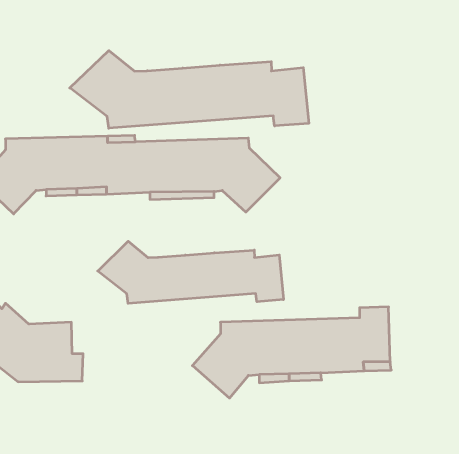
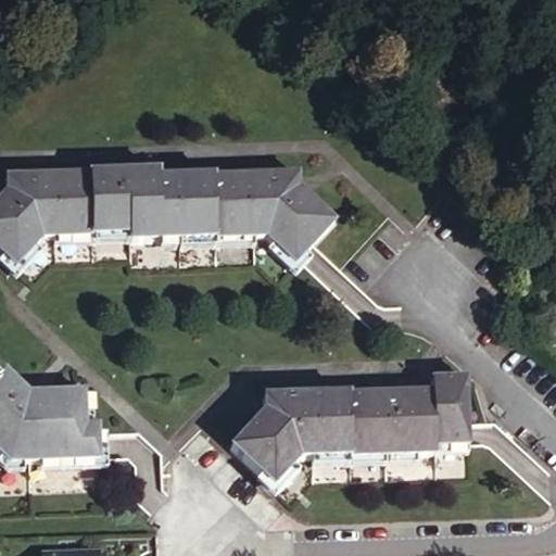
building: [70,51,309,128] -> none
building: [98,241,283,303] -> none

